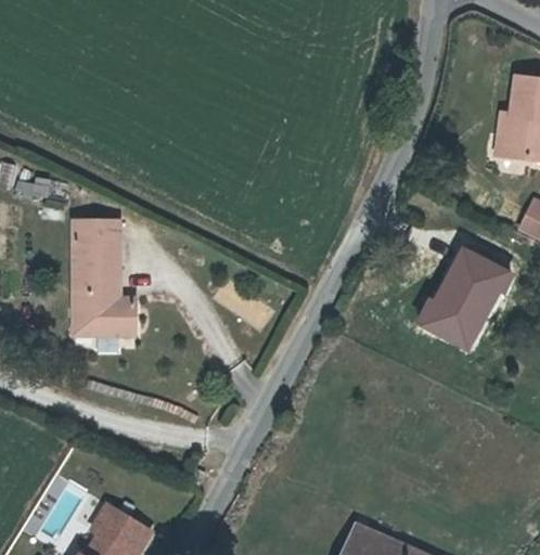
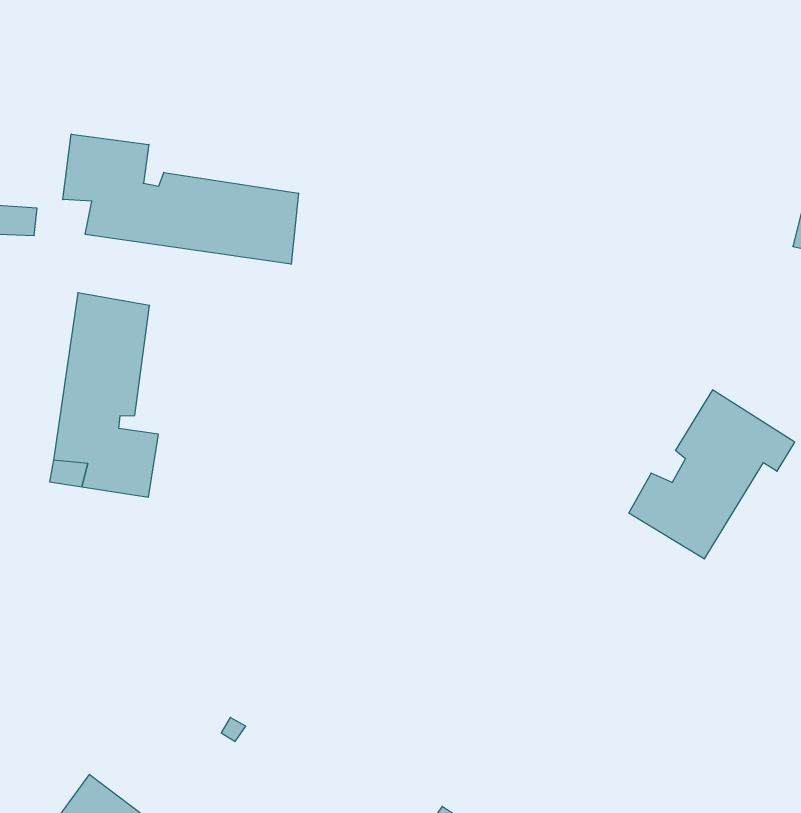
building: none -> [63,134,298,264]

